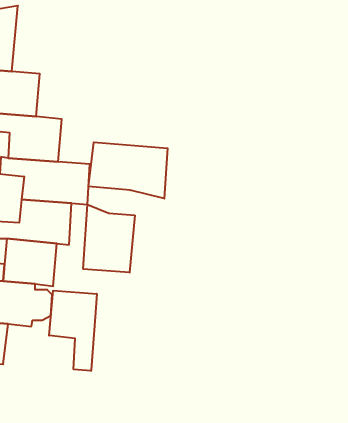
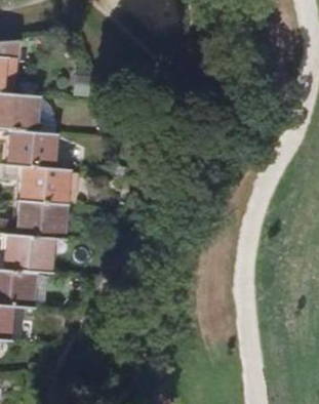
building: [89,142,168,199] -> none
building: [83,204,135,273] -> none
building: [49,291,97,371] -> none

